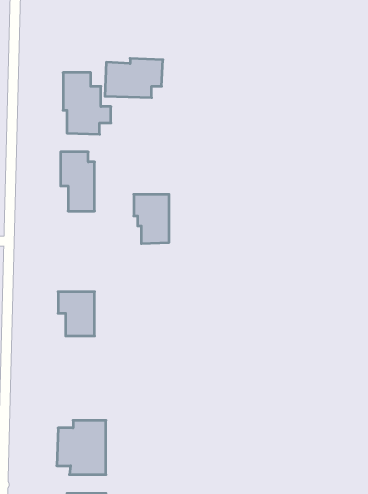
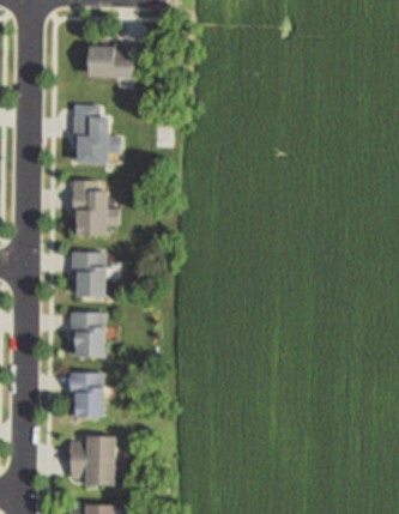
building: [105,58,163,98] -> [90,40,145,77]
building: [134,194,169,244] -> [71,250,104,297]
building: none -> [69,373,103,415]

